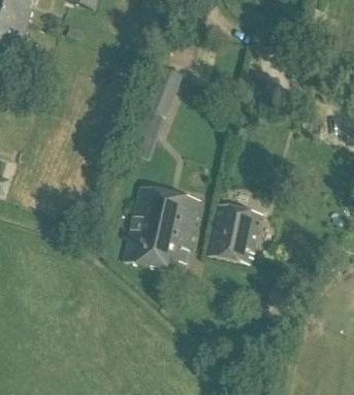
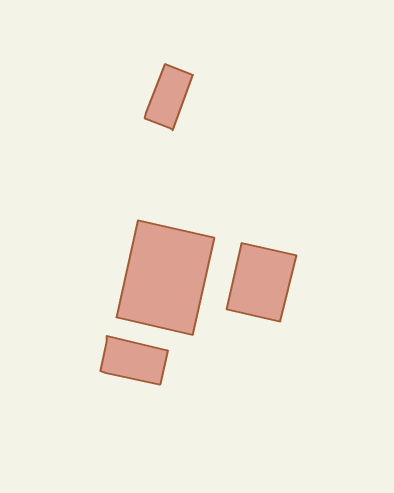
building: none -> [100,336,168,385]

